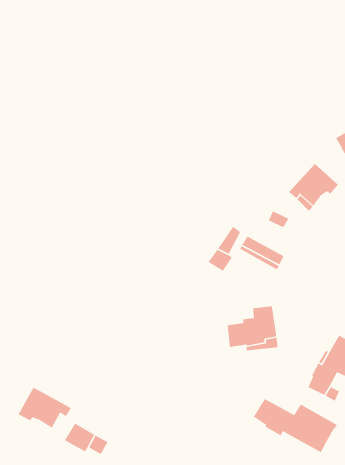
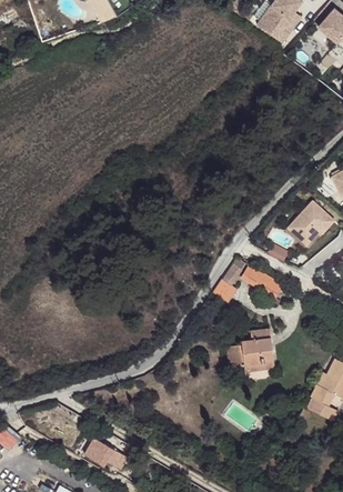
building: [18,387,72,429] -> none
building: [253,398,338,453] -> none

